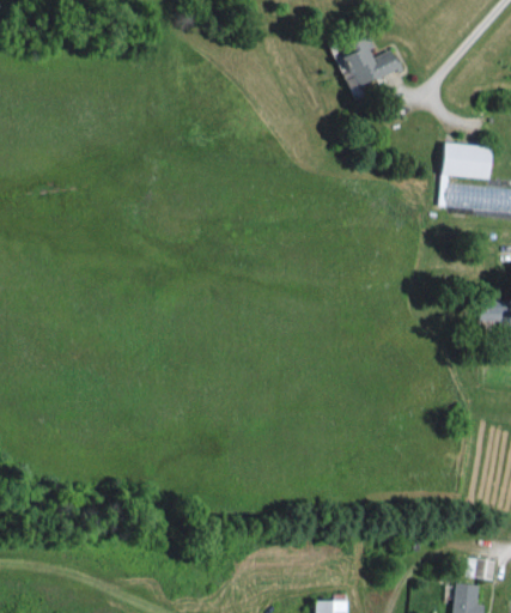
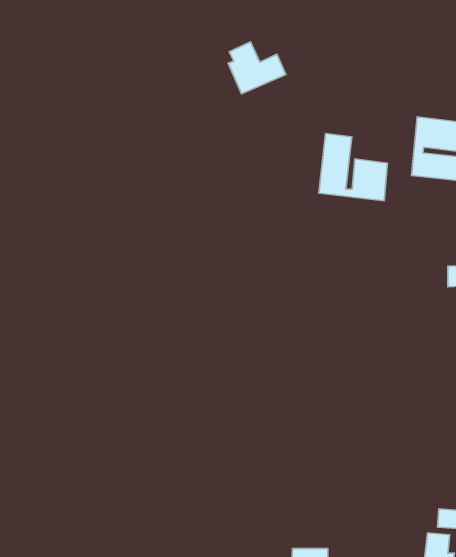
building: [341,35,402,90] -> [228,42,286,94]
building: none -> [319,134,387,201]

